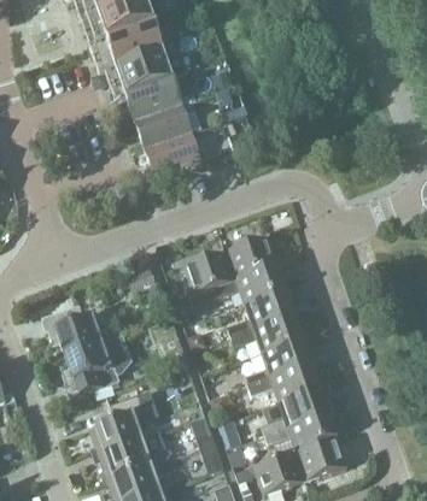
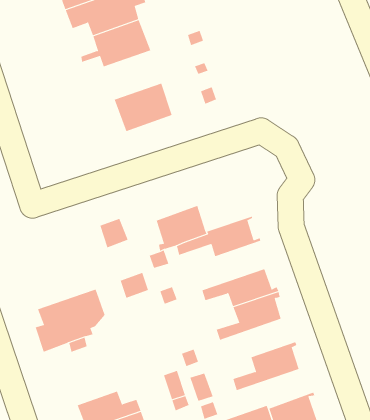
building: [134,95,193,145] -> none
building: [229,237,285,277] -> none
building: [229,287,297,336] -> none
building: [46,305,112,355] -> none
building: [251,365,328,403] -> none
building: [99,390,162,452] -> none
building: [268,415,346,455] -> none

